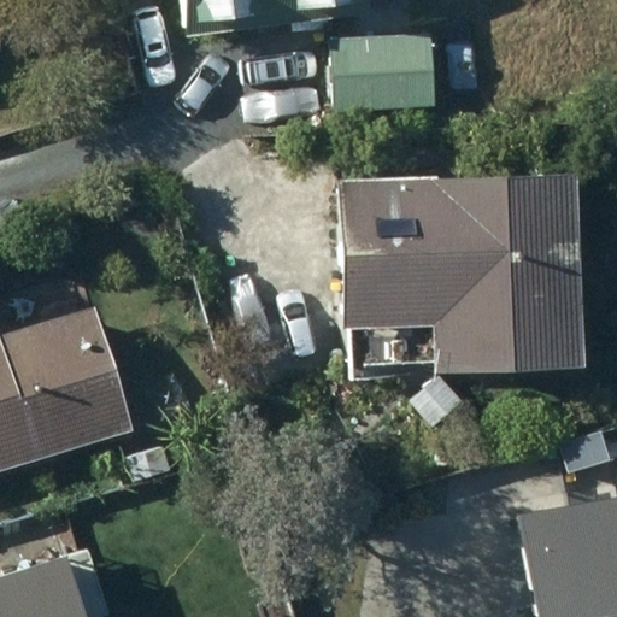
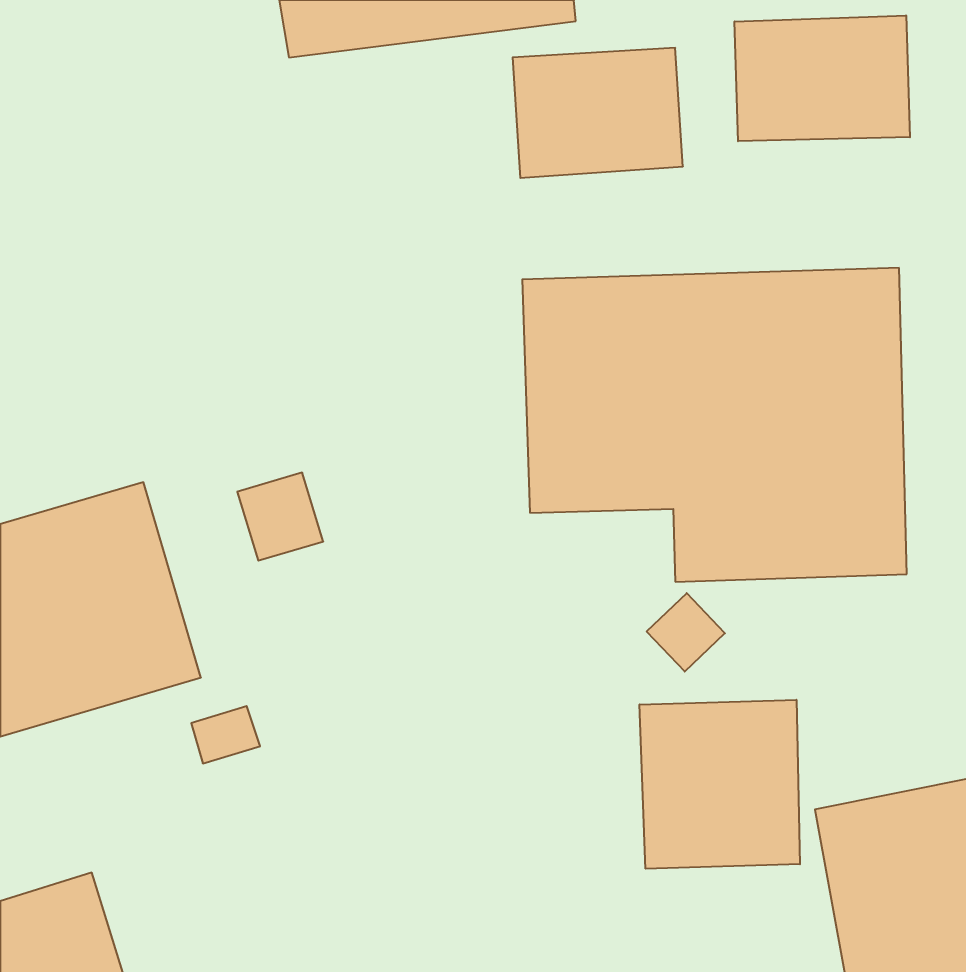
building: none -> [735,15,910,141]
building: none -> [640,700,800,869]

